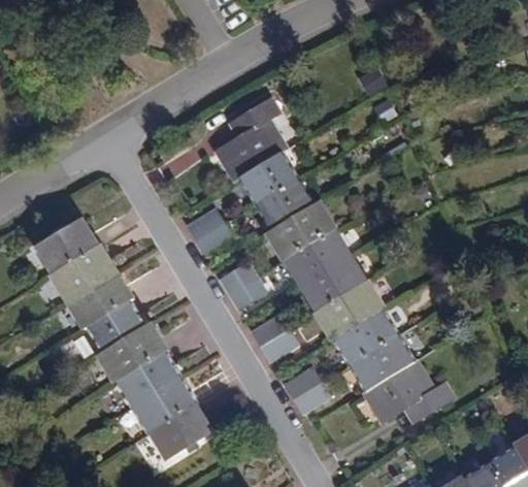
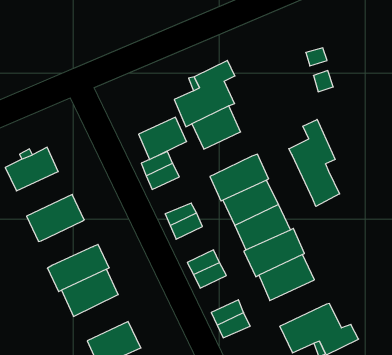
building: none -> [289,119,340,206]
building: [256,178,310,229] -> [139,117,187,160]
building: [51,244,114,299] -> none
building: [86,298,144,351] -> none
building: [349,334,412,390] -> none
building: [131,376,195,432] -> none

